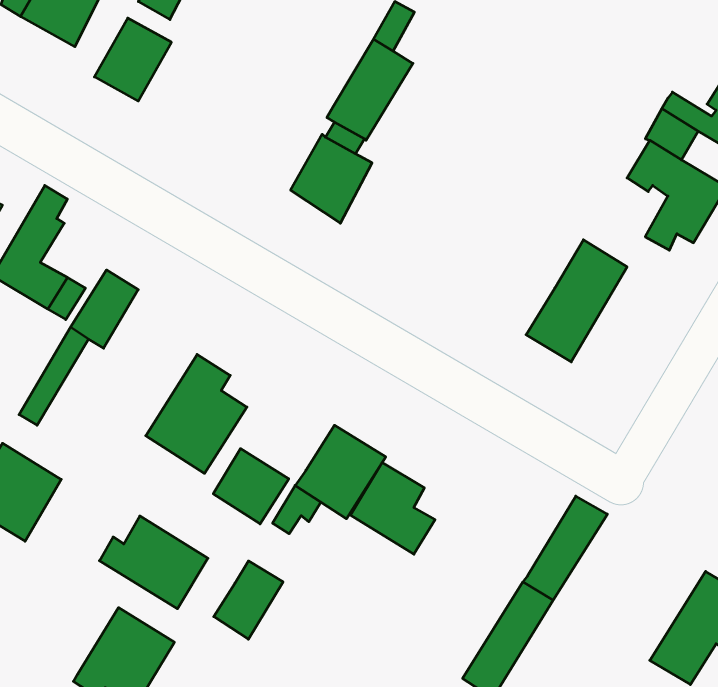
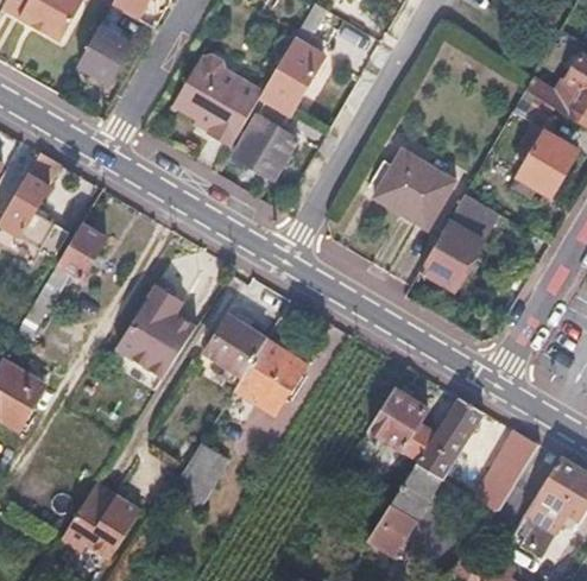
building: none -> [175,53,266,147]
building: none -> [371,151,463,232]
building: [213,449,289,524] -> [208,316,267,375]
building: [351,462,435,554] -> [370,386,436,459]
building: [99,516,208,609] -> none
building: none -> [472,429,539,513]

